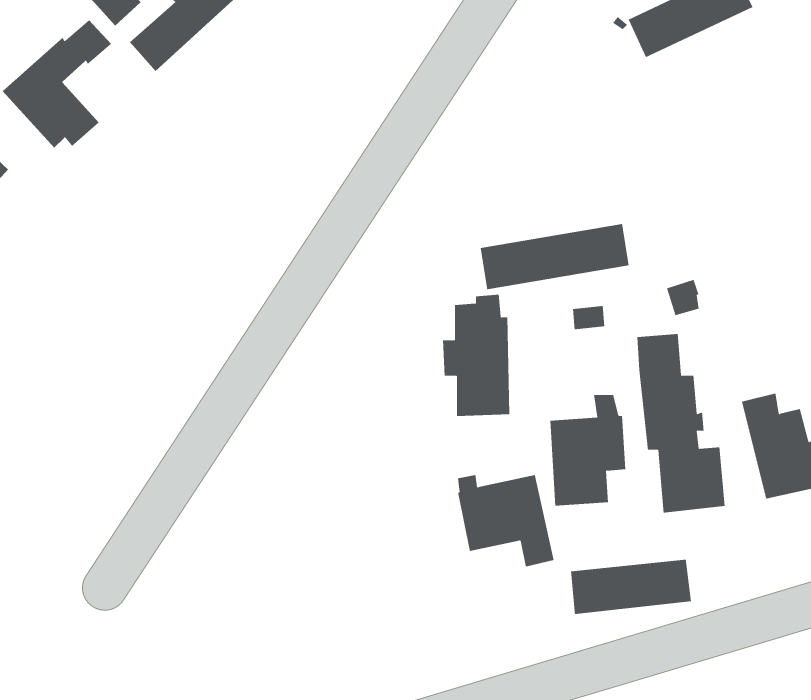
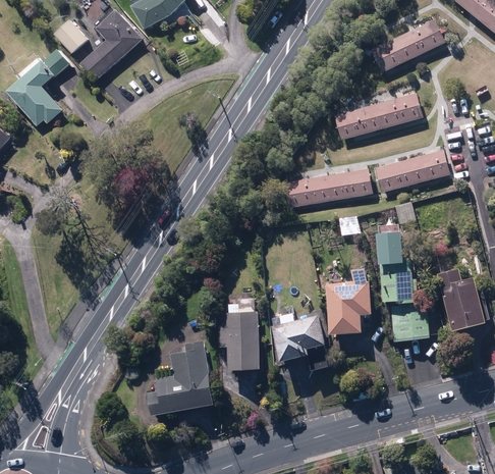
building: none -> [336,94,423,140]
building: none -> [376,151,450,192]
building: [442,294,510,416] -> [219,299,259,370]
building: none -> [148,340,212,414]
building: [571,559,691,615] -> none

